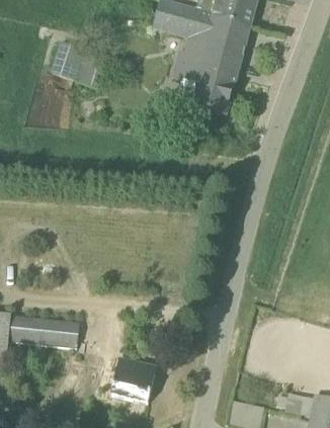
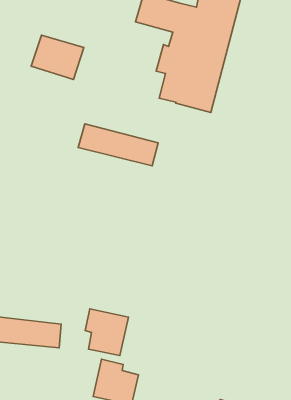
building: none -> [78,124,158,166]
building: none -> [85,309,129,356]

